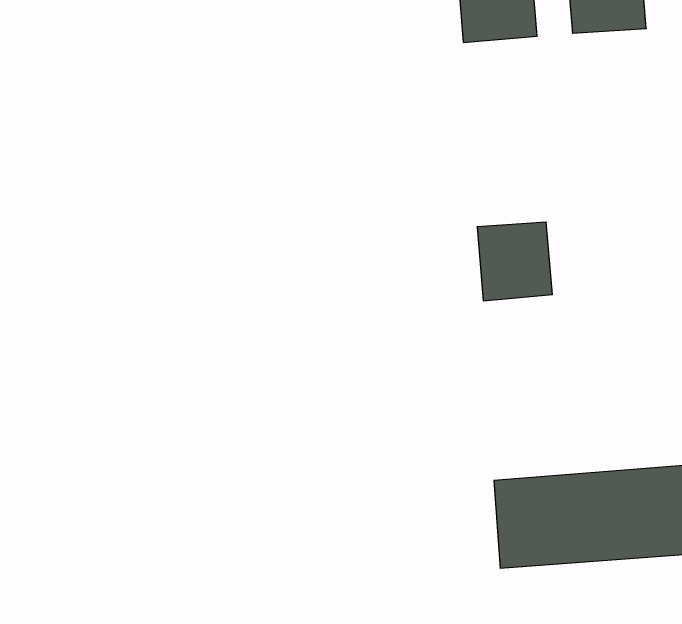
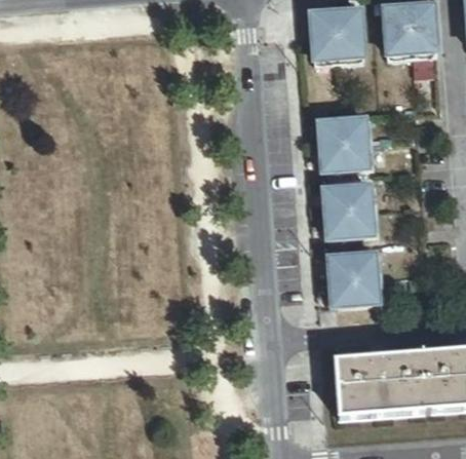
building: none -> [318,116,368,168]
building: none -> [328,251,379,303]

